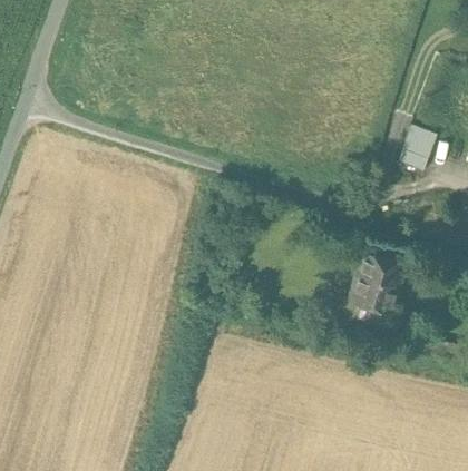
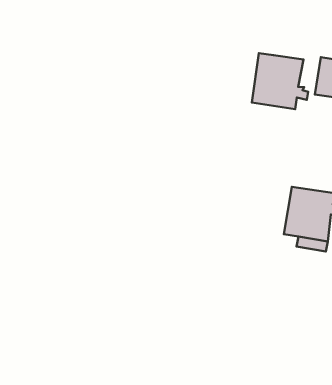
building: none -> [252,53,308,109]

